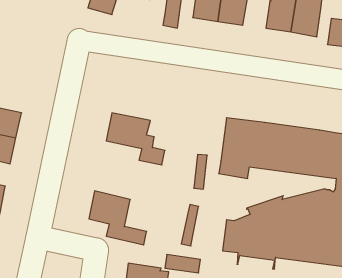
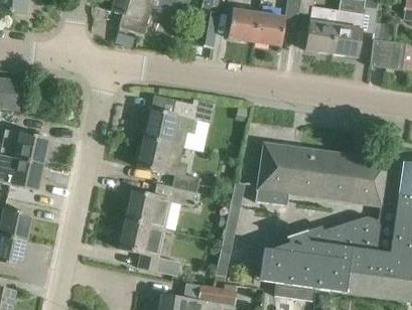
building: none -> [143,99,214,145]
building: none -> [125,183,195,227]

